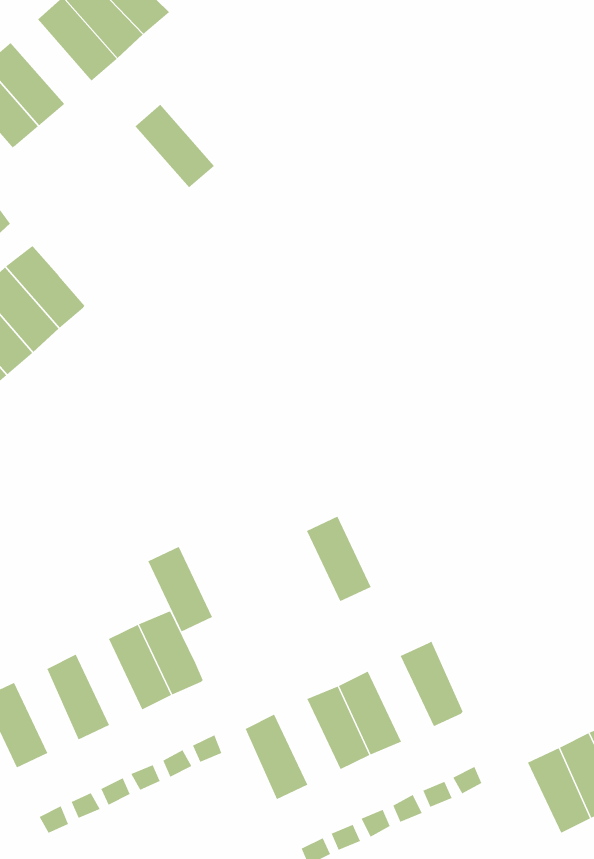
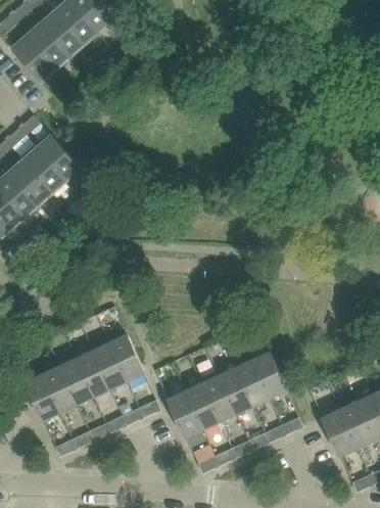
building: [134,104,215,188] -> [40,11,84,57]
building: [306,516,372,602] -> [235,359,271,406]
building: [147,546,213,632] -> [76,350,111,397]
building: none -> [42,366,77,412]
building: none -> [184,382,220,429]

